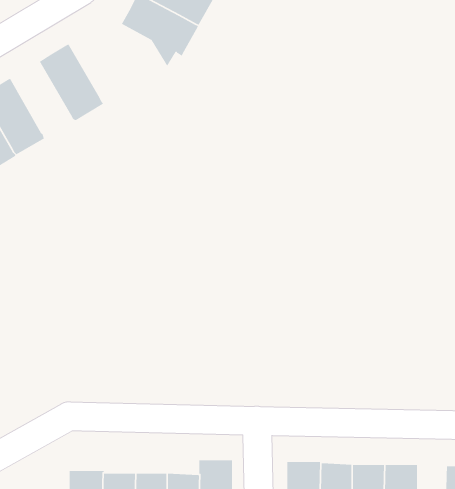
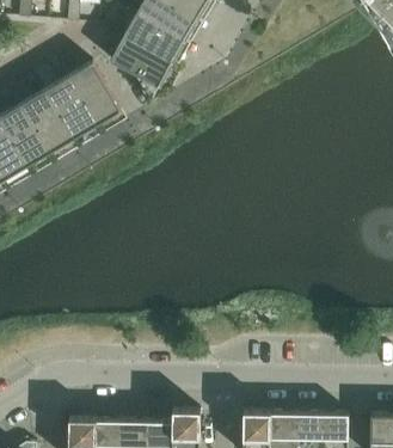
building: none -> [68,62,121,125]
building: none -> [22,91,73,153]

